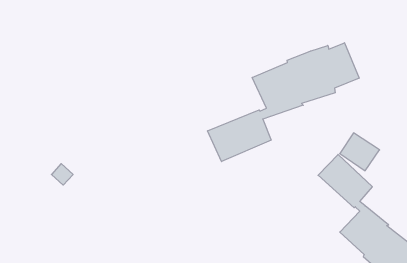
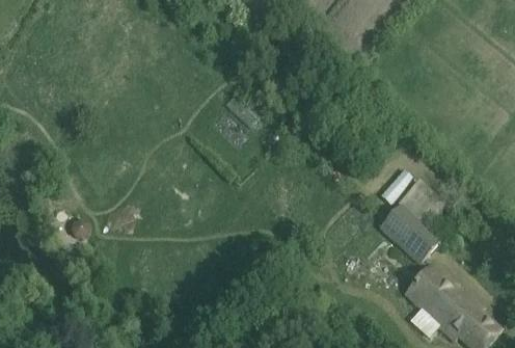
building: [208,43,359,162] -> none

